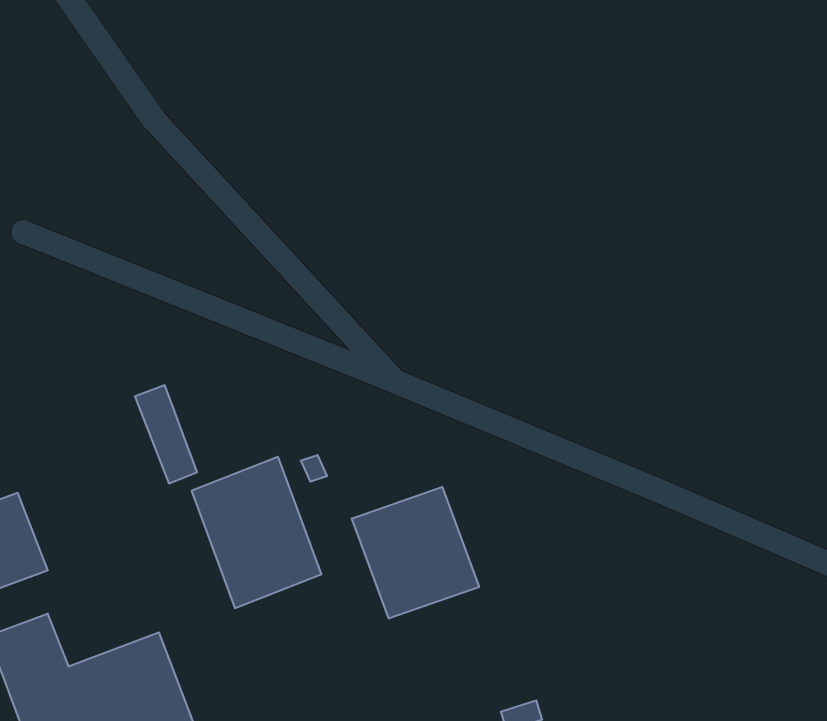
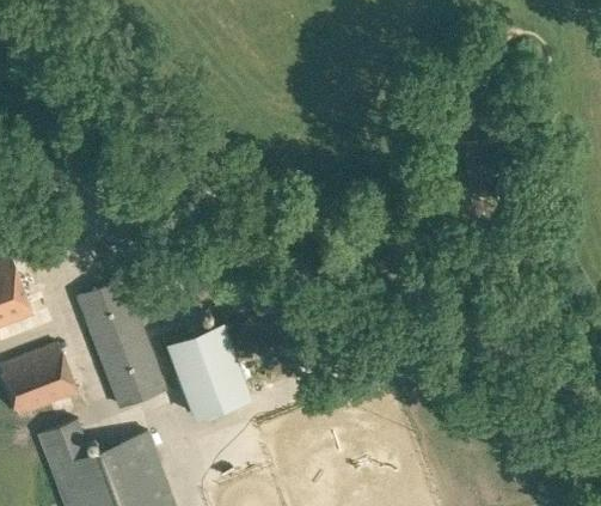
building: none -> [78,281,165,409]
building: [352,487,479,619] -> none

